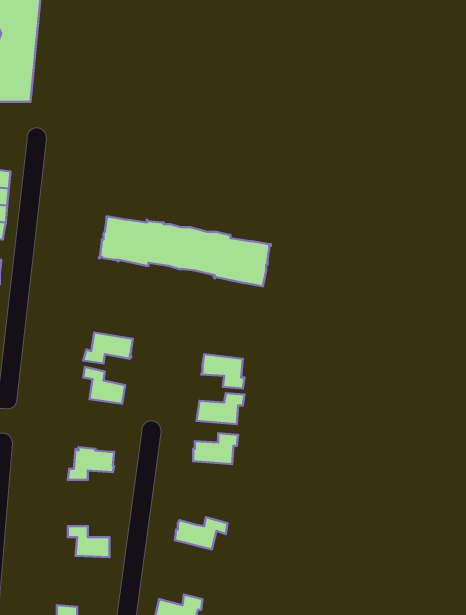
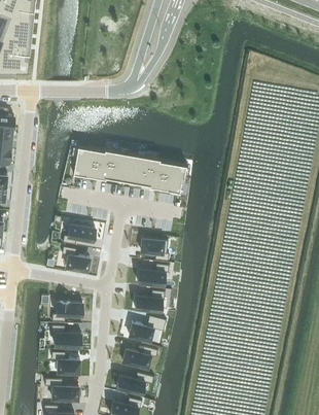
building: none -> [129,317,166,342]
building: none -> [51,326,81,347]
building: none -> [115,373,153,394]
building: none -> [44,379,78,401]

